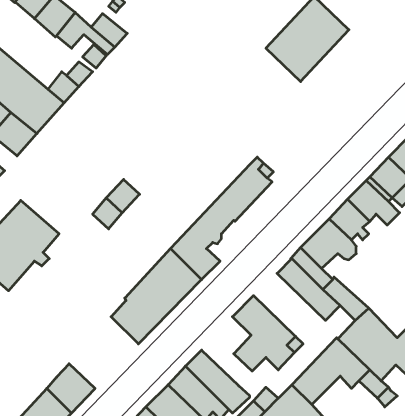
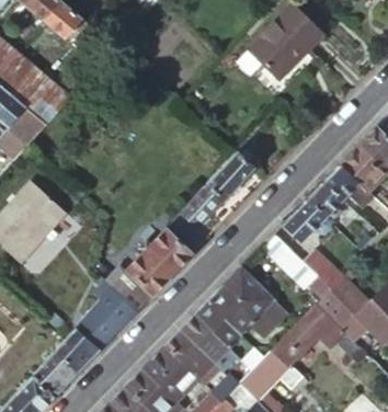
building: none -> [77,286,138,350]
building: none -> [194,286,239,347]

